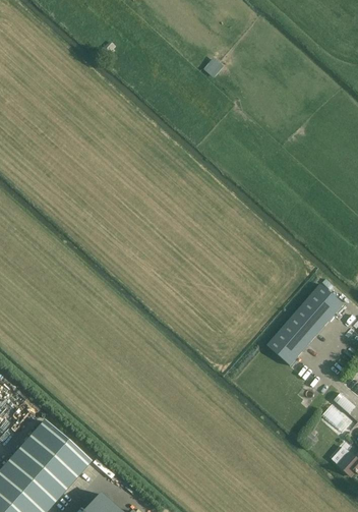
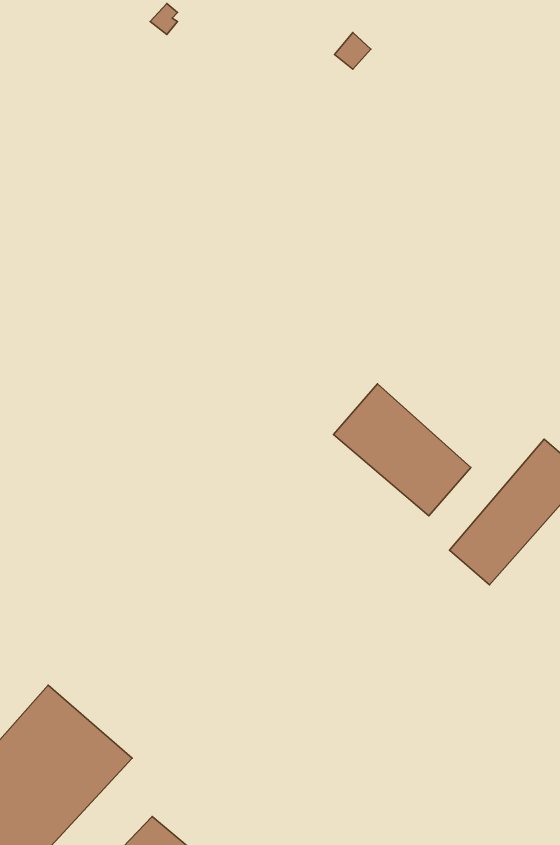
building: none -> [333,384,471,516]

